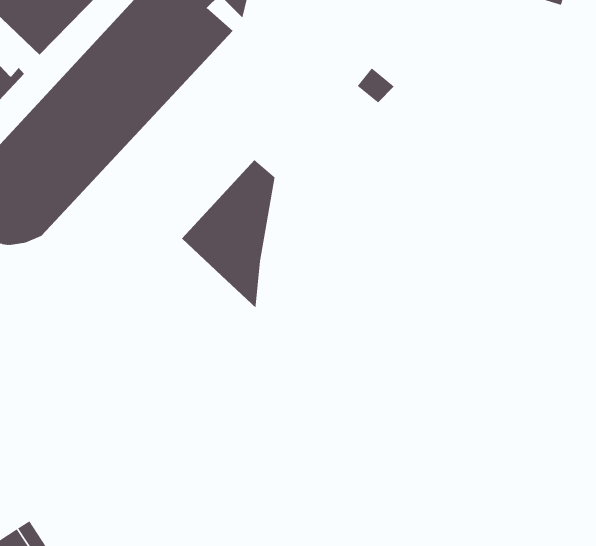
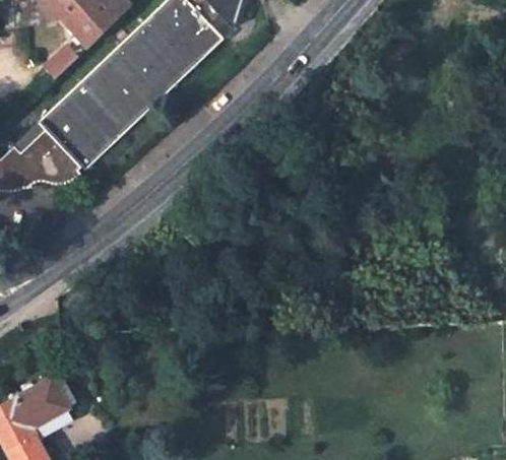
building: [181,159,275,309] -> none

